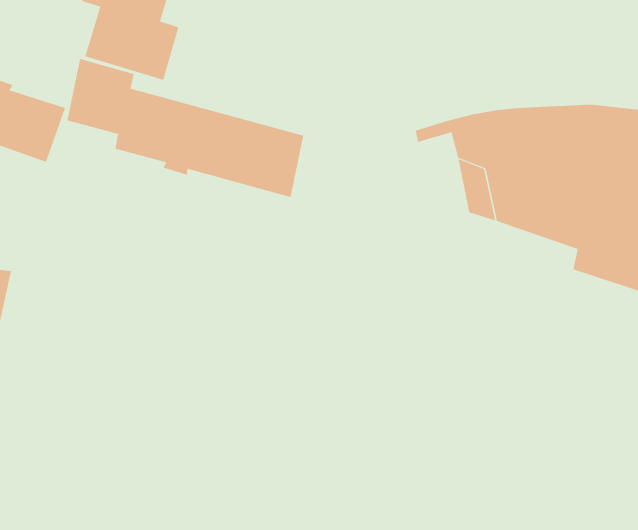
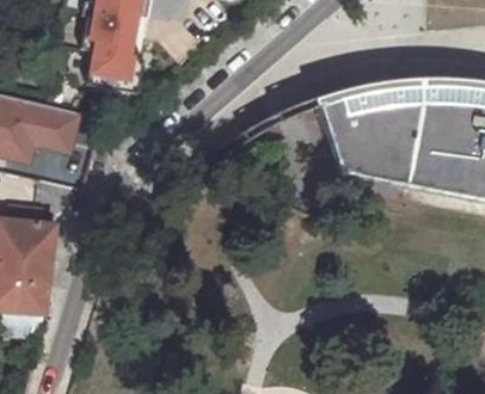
building: [67,58,304,198] -> none

